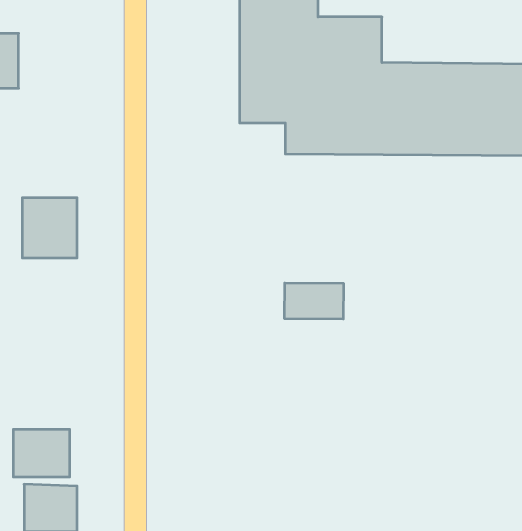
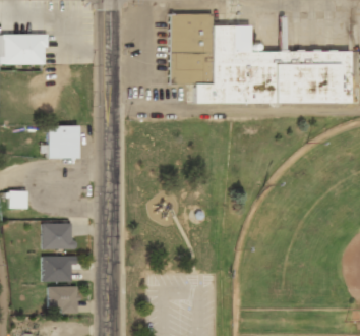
building: [285,283,343,319] -> none
building: none -> [42,224,73,248]

